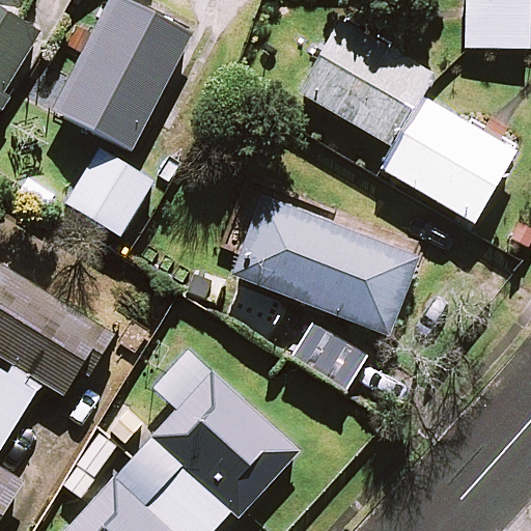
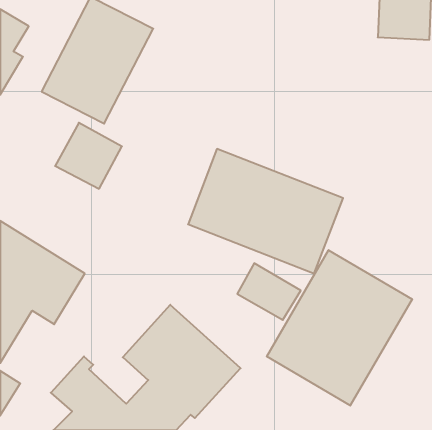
building: [299,22,514,223] -> none
building: none -> [267,250,412,406]

